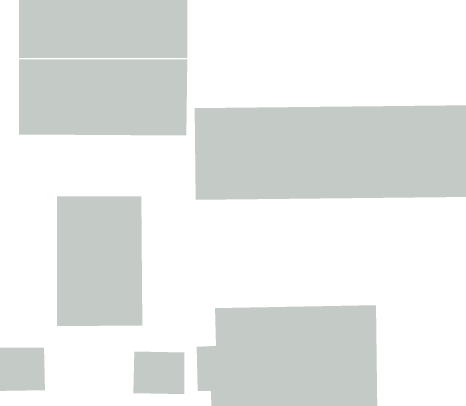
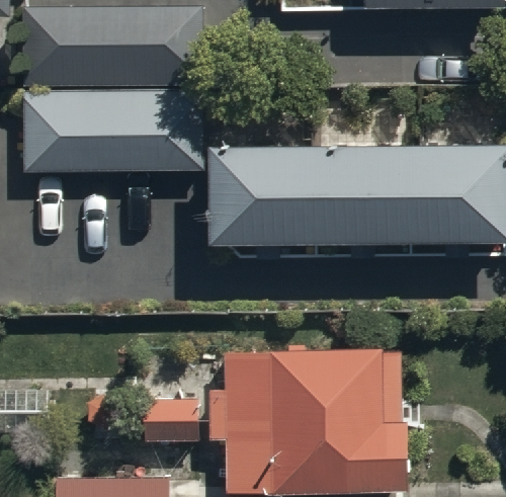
building: [56,195,143,327] -> none

